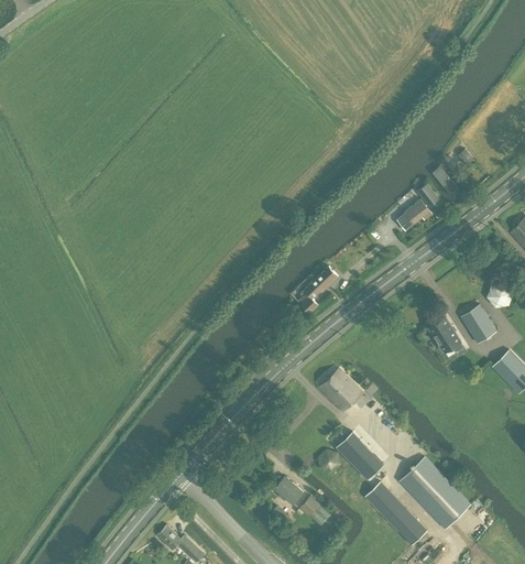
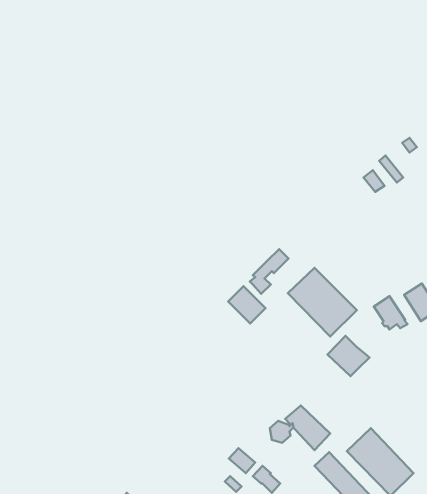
building: [396,198,431,229] -> none
building: none -> [288,268,357,337]
building: none -> [228,286,266,324]
building: [319,368,363,411] -> [328,336,369,376]

